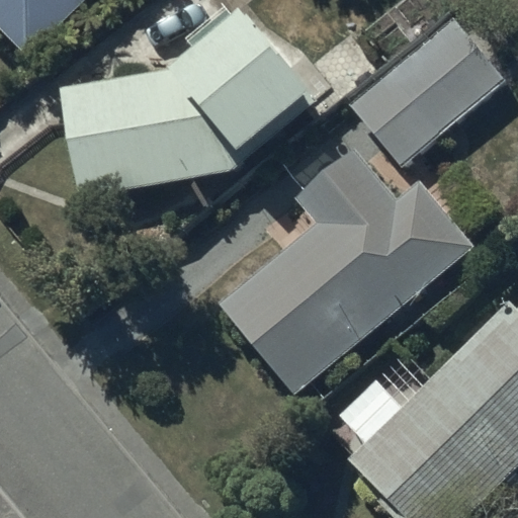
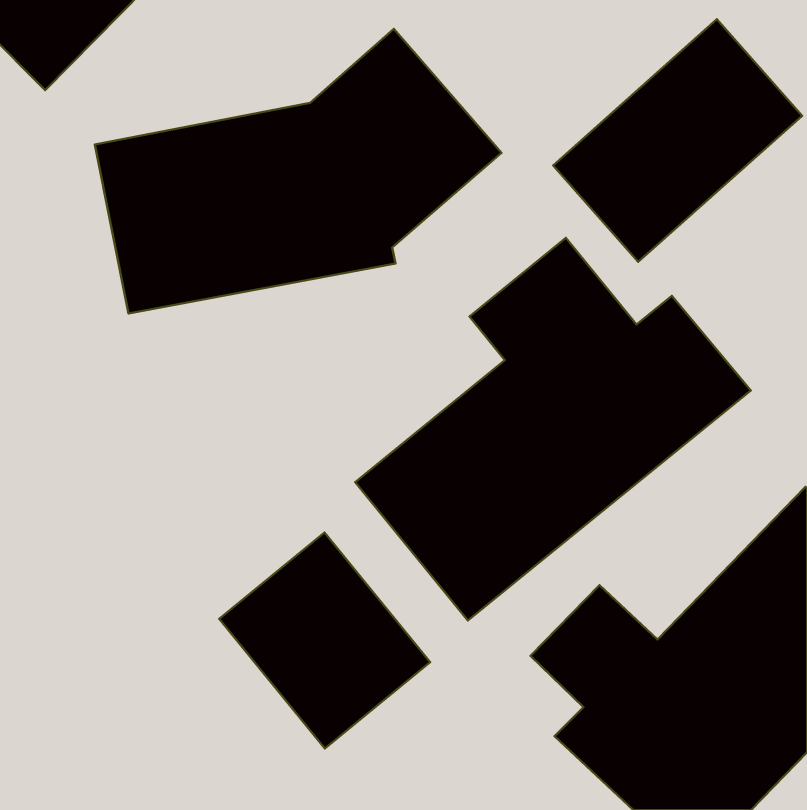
building: none -> [219,533,430,748]

